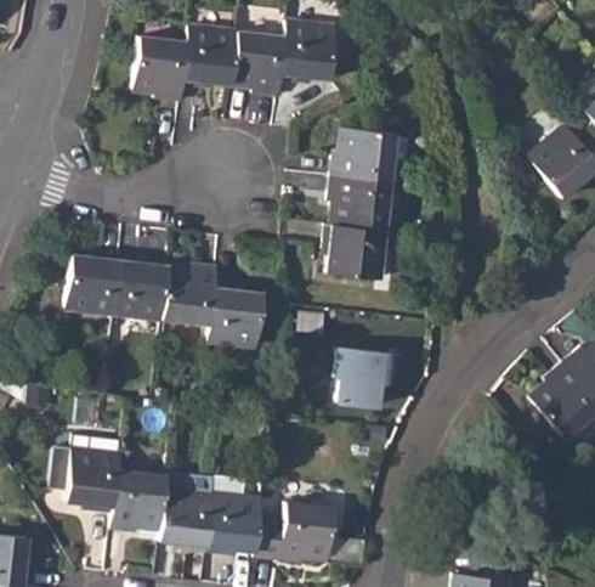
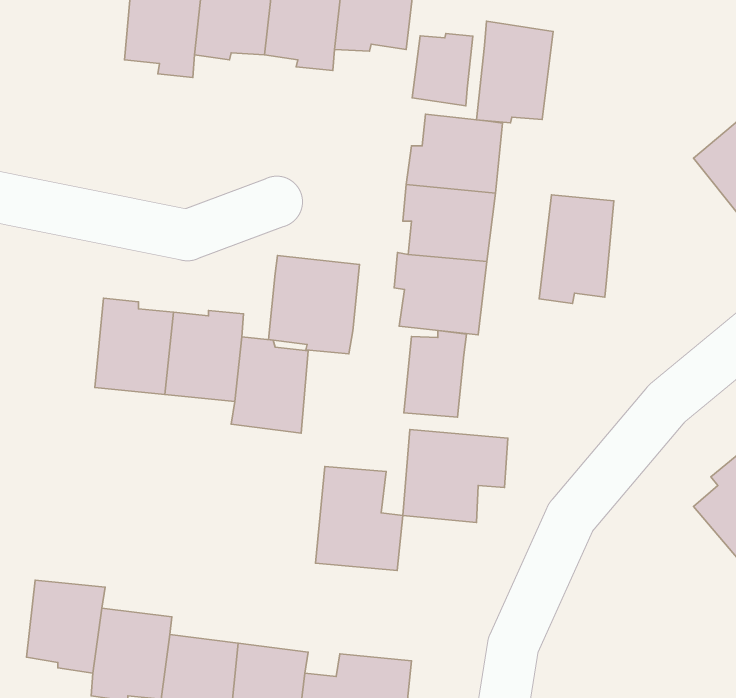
building: none -> [476,21,553,123]
building: none -> [412,34,473,106]
building: none -> [539,195,614,304]
building: none -> [268,256,359,354]
building: [66,252,120,316] -> none
building: none -> [404,330,467,417]
building: none -> [315,467,403,571]

